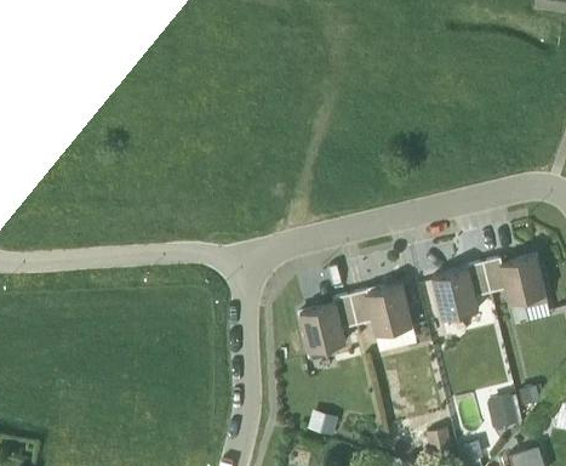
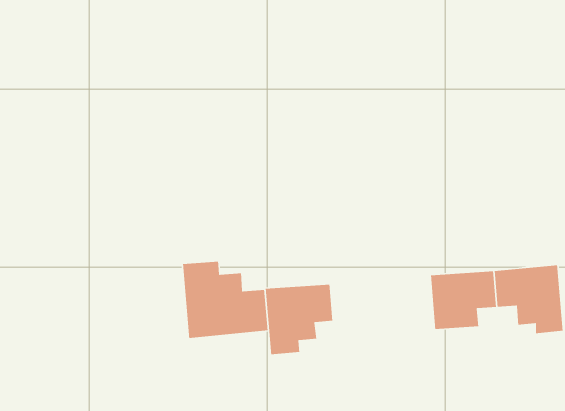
building: [349,285,408,336] -> none
building: none -> [182,261,268,339]

